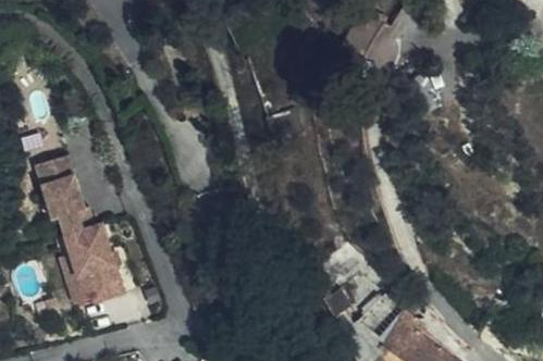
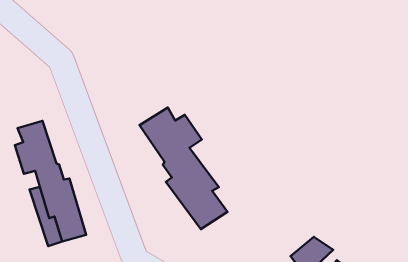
building: none -> [139,108,228,229]

